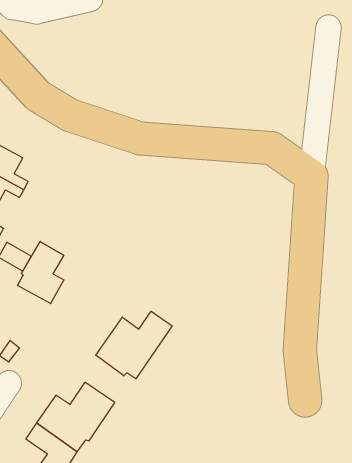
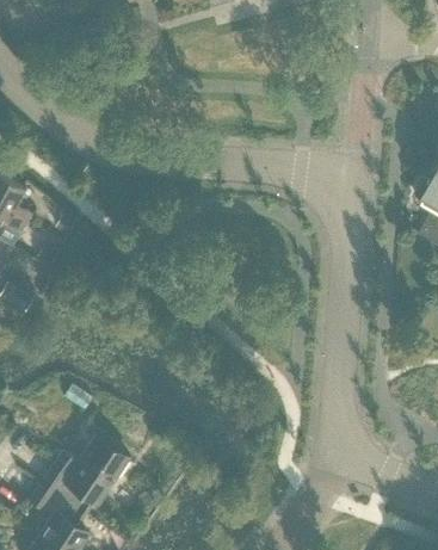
building: [18,241,64,304] -> none
building: [96,311,172,379] -> none

